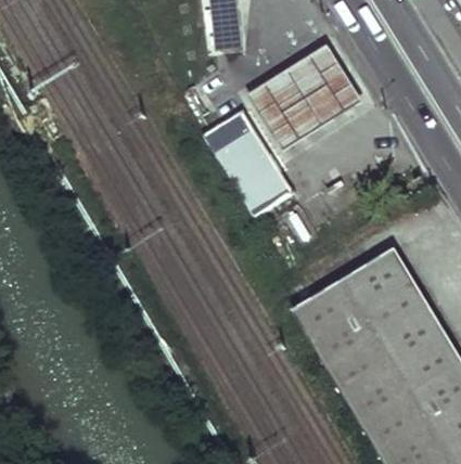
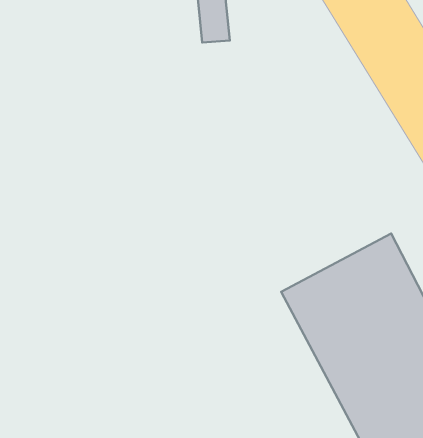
building: [246,49,362,156] -> none
building: [202,111,293,216] -> none

